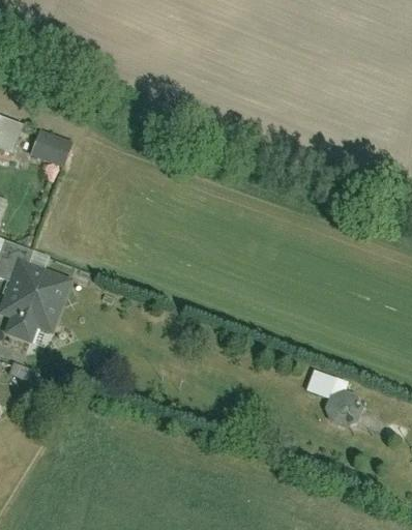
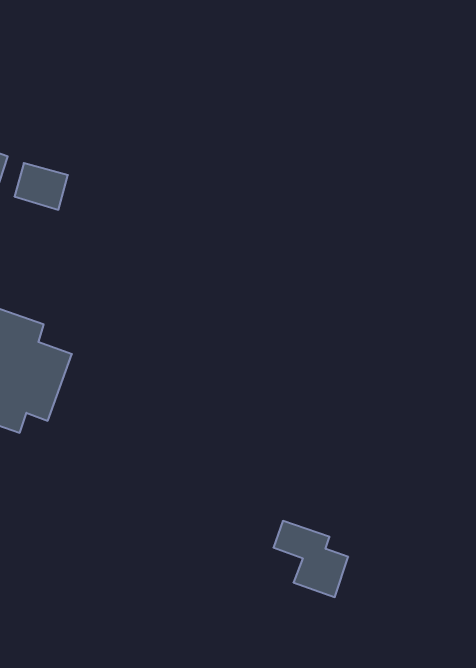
building: [304,370,362,429] -> [273,521,348,597]

